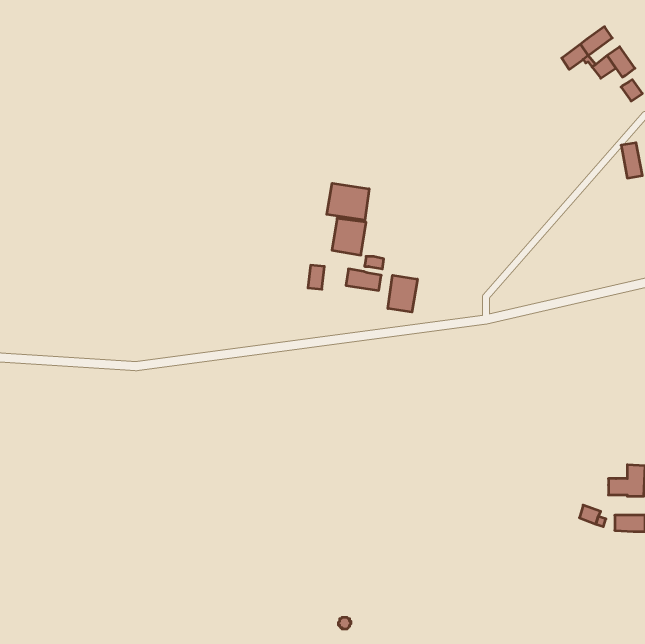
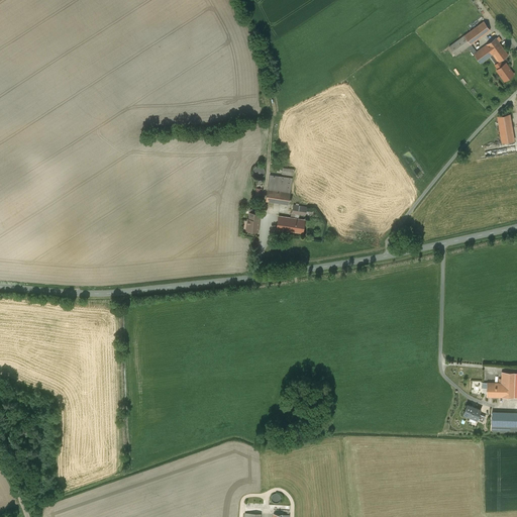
building: [327,183,369,220] -> none
building: [388,275,417,312] -> none

